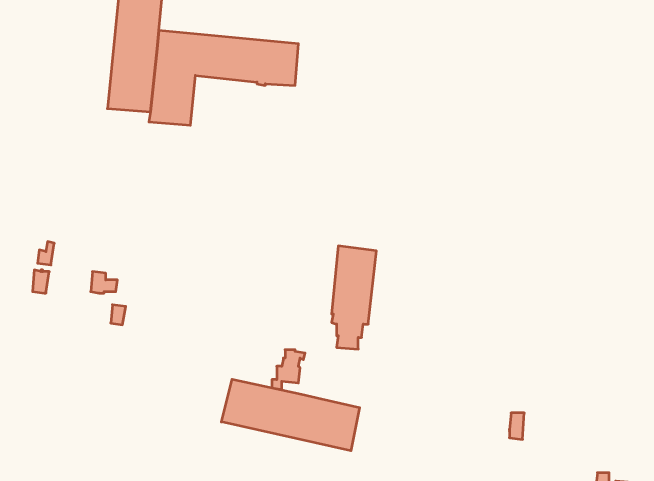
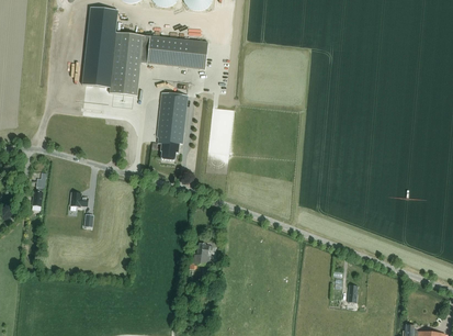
building: [332,246,376,349] -> [158,92,188,160]
building: [221,379,360,451] -> none

